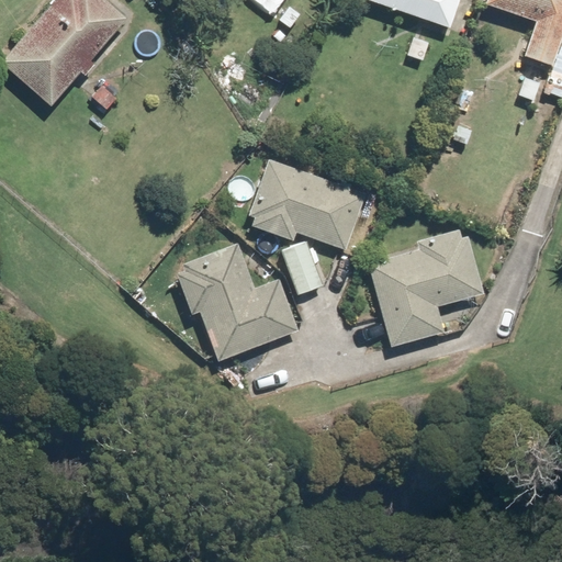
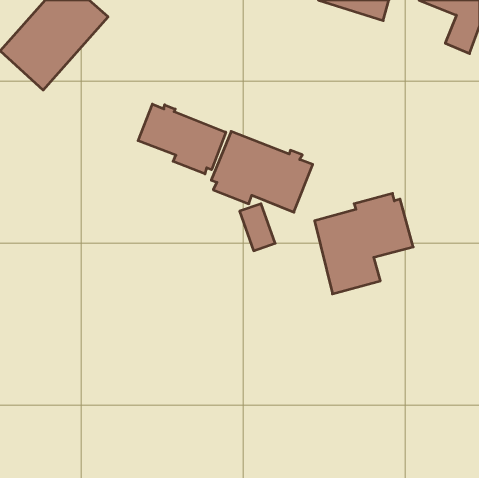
building: none -> [138,104,226,174]
building: [177,244,297,359] -> none

